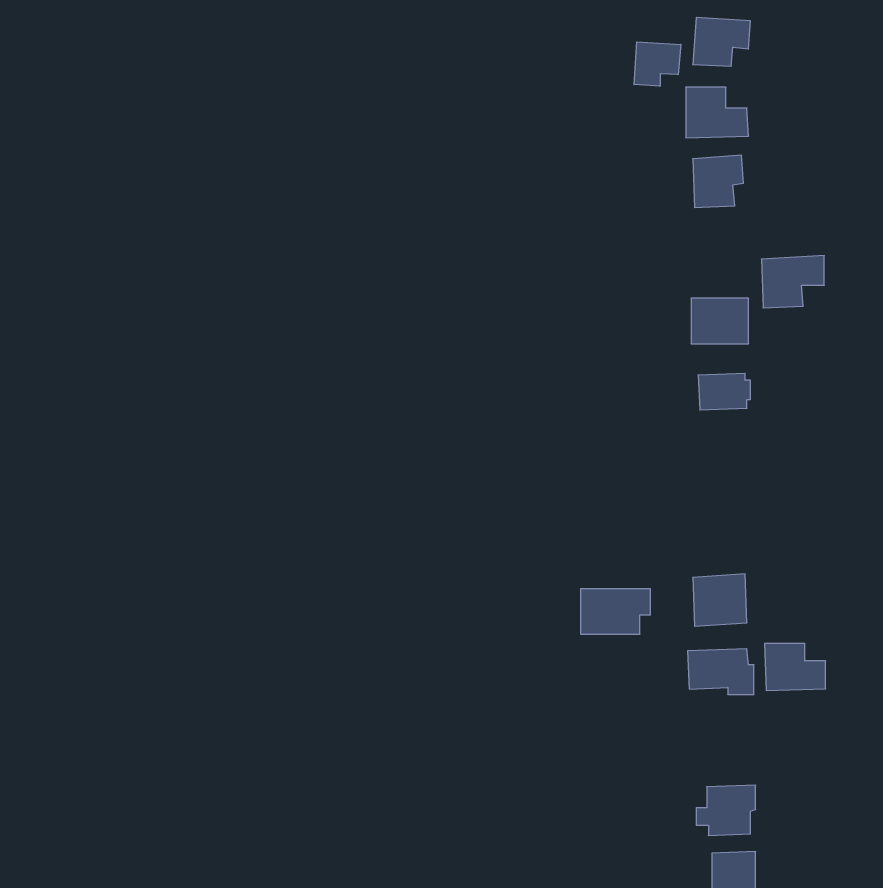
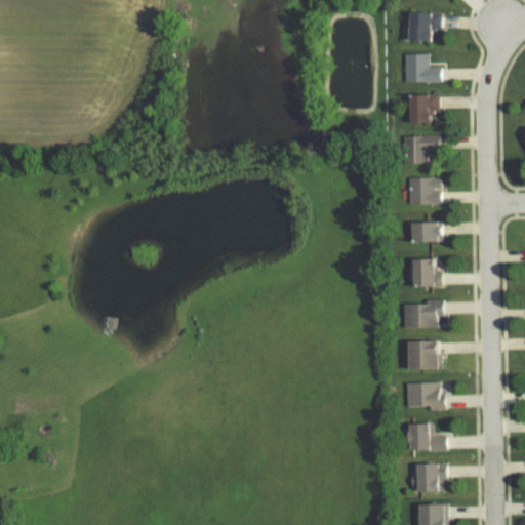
building: [634,42,681,86] -> none
building: [761,256,824,308] -> [401,134,438,165]
building: none -> [412,257,442,288]
building: [581,589,650,634] -> [402,301,443,328]
building: [765,643,826,691] -> [409,423,445,451]

